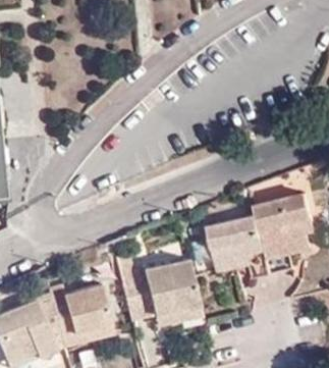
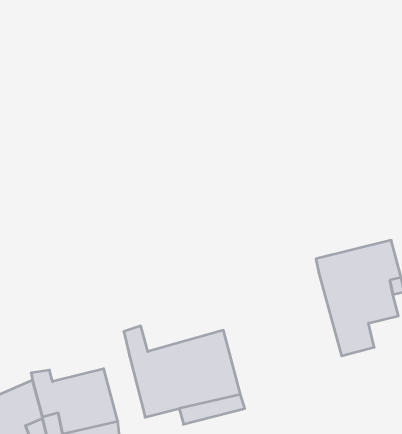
building: [209,216,271,279] -> none

